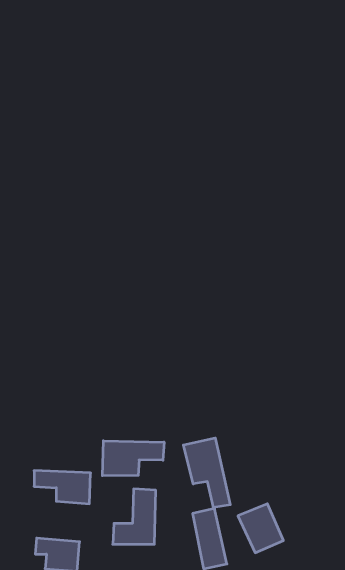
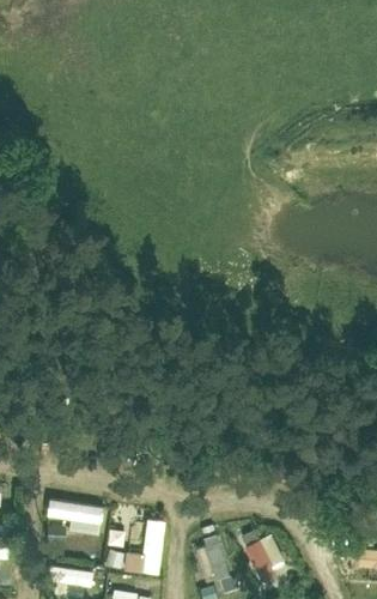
building: [183,438,230,508] -> none
building: [102,441,164,476] -> none

